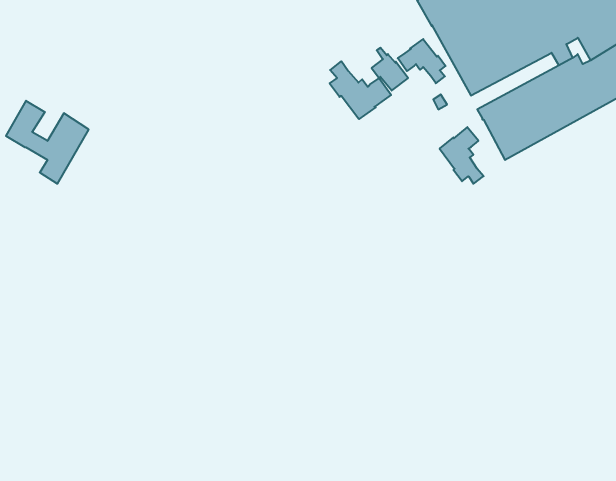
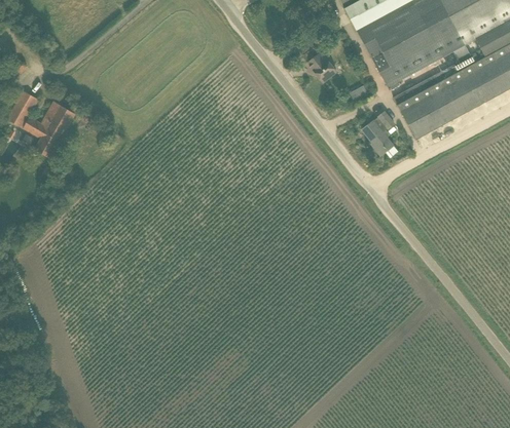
building: [398,39,446,83] -> none
building: [330,61,391,119] -> none

